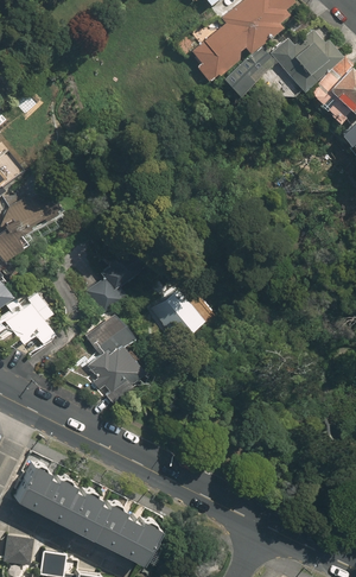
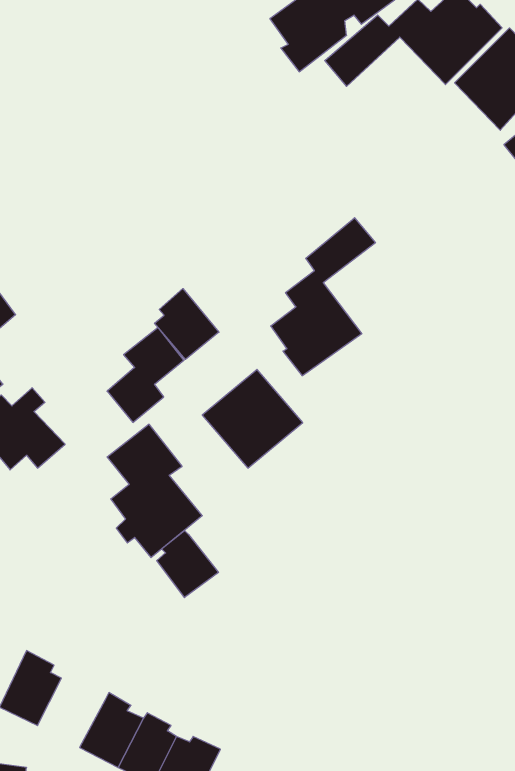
building: none -> [271,218,375,376]
building: none -> [155,289,219,359]
building: none -> [157,530,218,598]
building: [39,476,83,526] -> none

